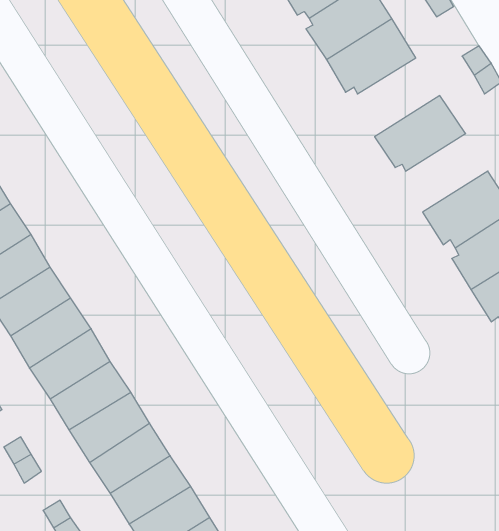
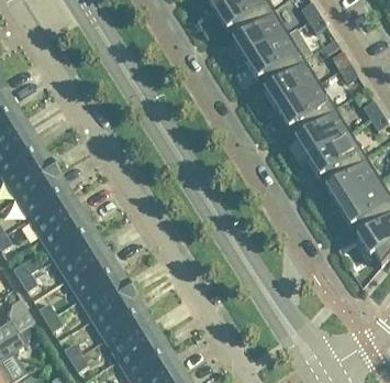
building: none -> [263,58,316,109]
building: none -> [293,107,347,157]

